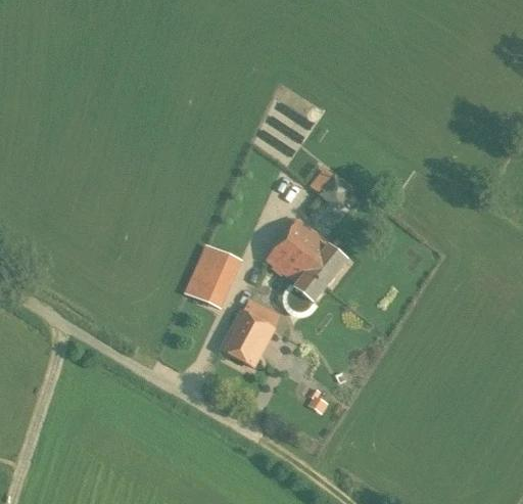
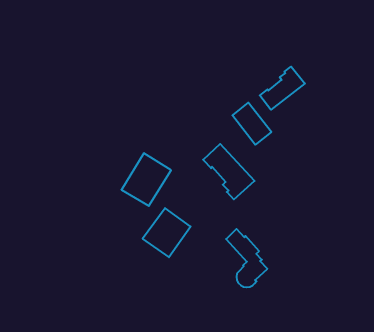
building: none -> [260,67,305,110]
building: [270,241,326,312] -> [226,229,267,287]

